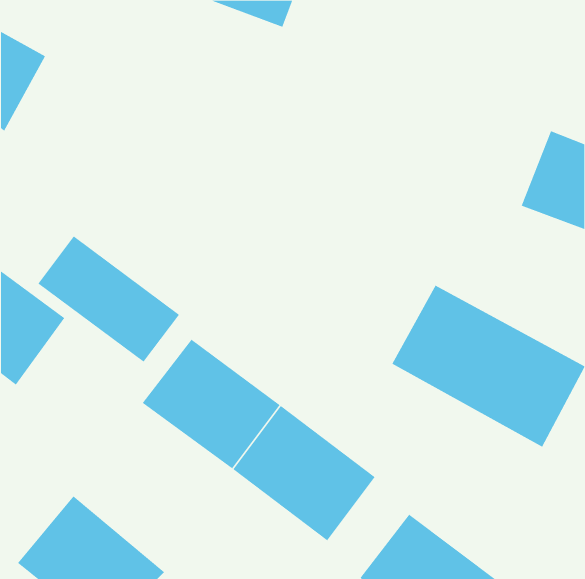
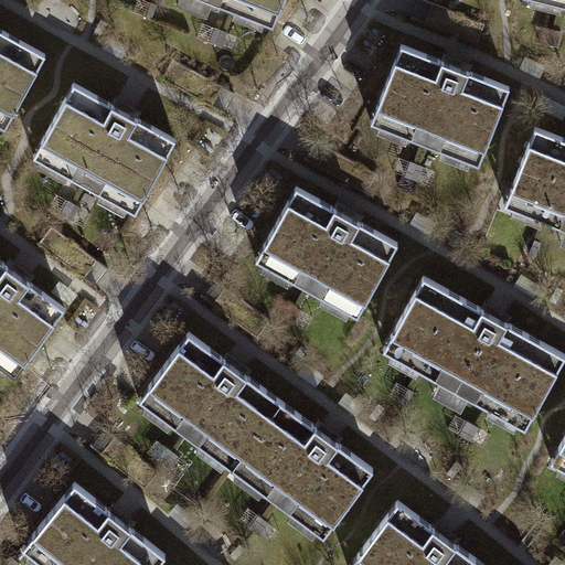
building: none -> [367,47,511,163]
building: none -> [35,87,175,216]
building: none -> [255,193,401,322]
building: [37,236,180,362] -> none

